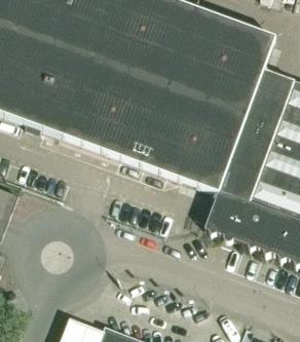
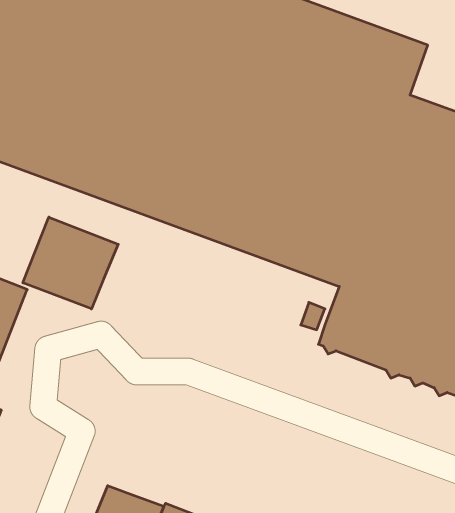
building: none -> [23,217,118,309]

